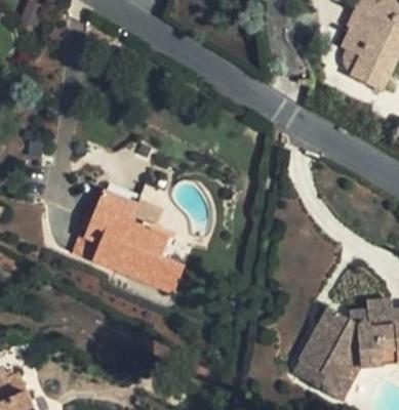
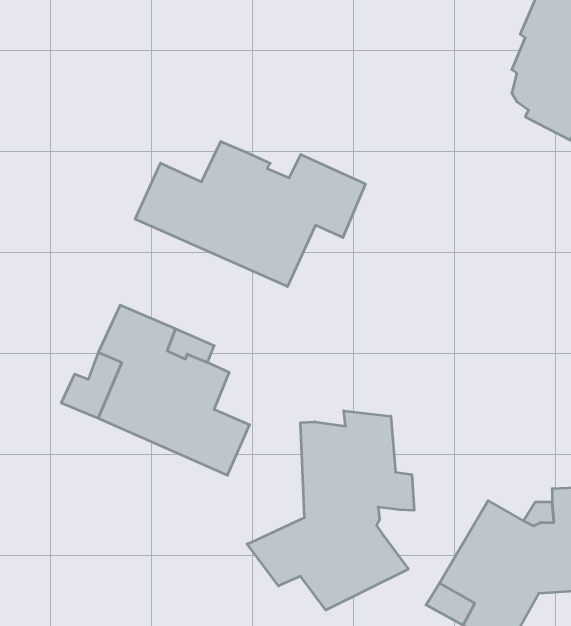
building: none -> [135,141,365,287]
building: none -> [247,411,414,610]

